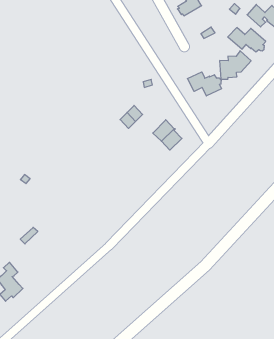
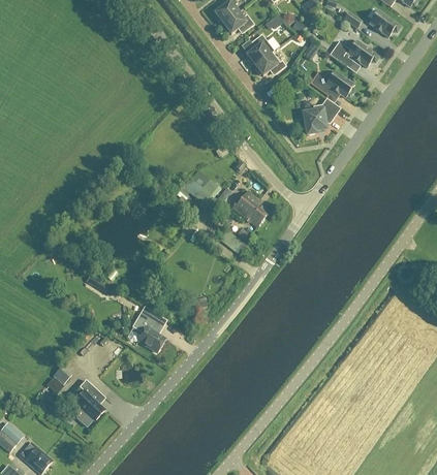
building: none -> [253,51,284,74]
building: [187,72,222,96] -> none
building: none -> [130,313,163,351]

